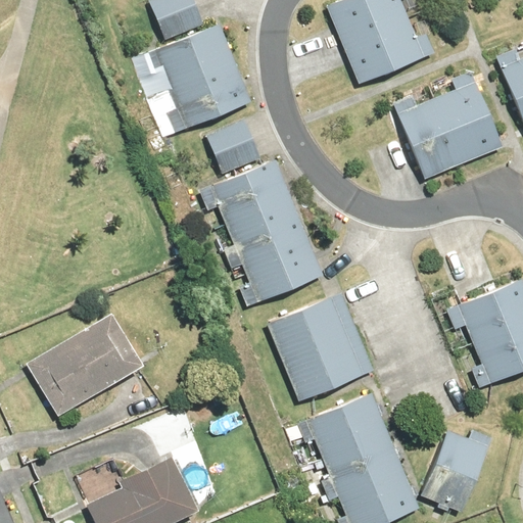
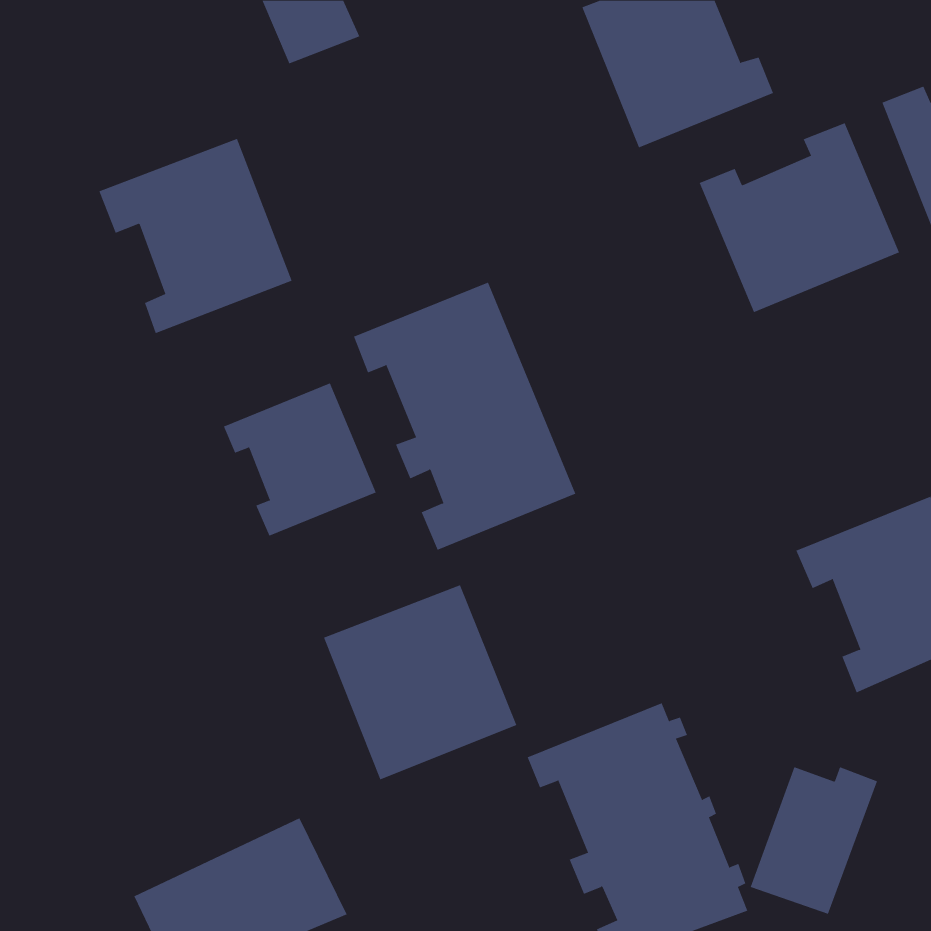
building: [142,23,250,133] -> [99,138,292,334]
building: [205,118,260,174] -> none
building: none -> [223,383,376,537]
building: [267,293,375,402] -> [323,584,517,780]
building: [25,312,143,417] -> none

